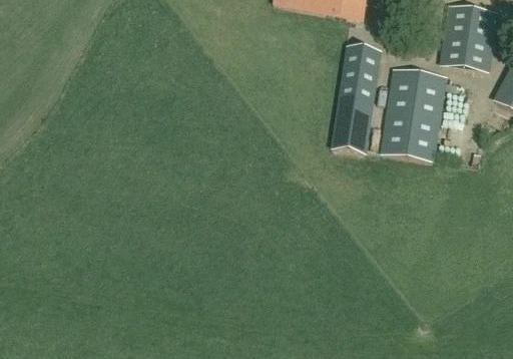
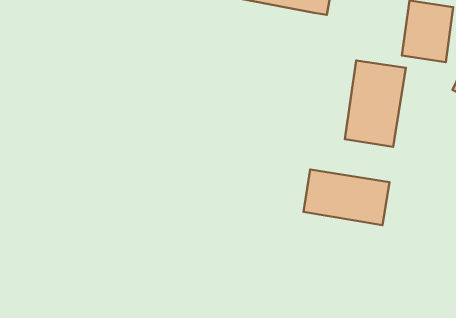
building: [332,38,382,151] -> none
building: none -> [304,170,390,225]

